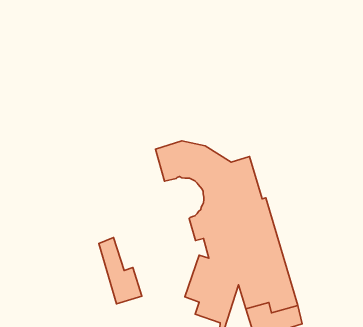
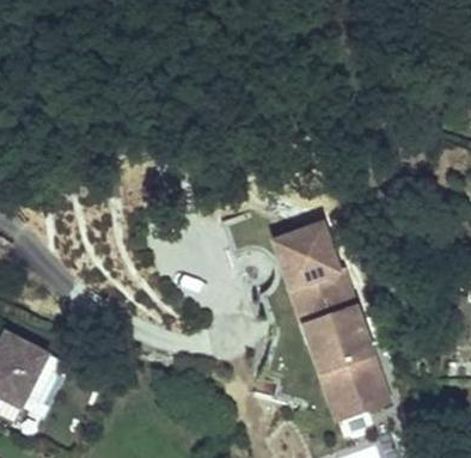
building: [99,238,142,304] -> none

